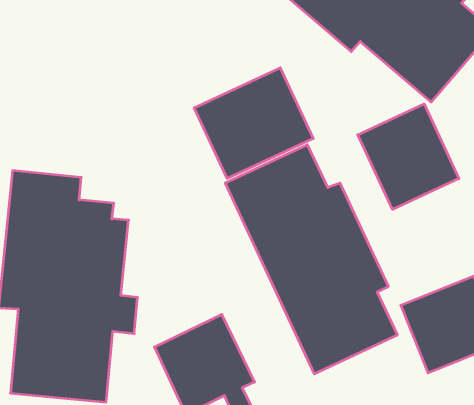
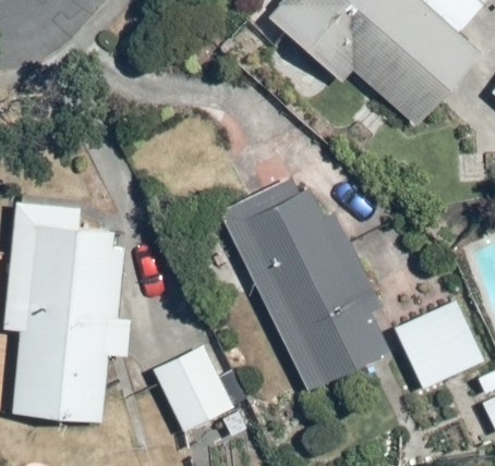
building: [194,68,313,178] -> none
building: [358,104,459,209] -> none

